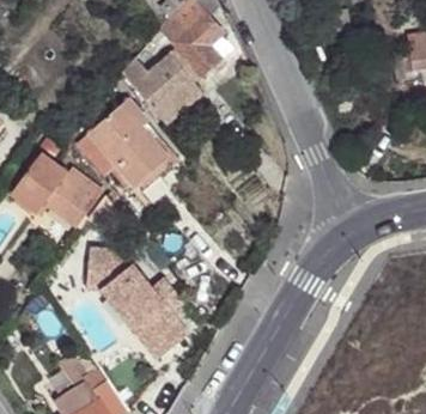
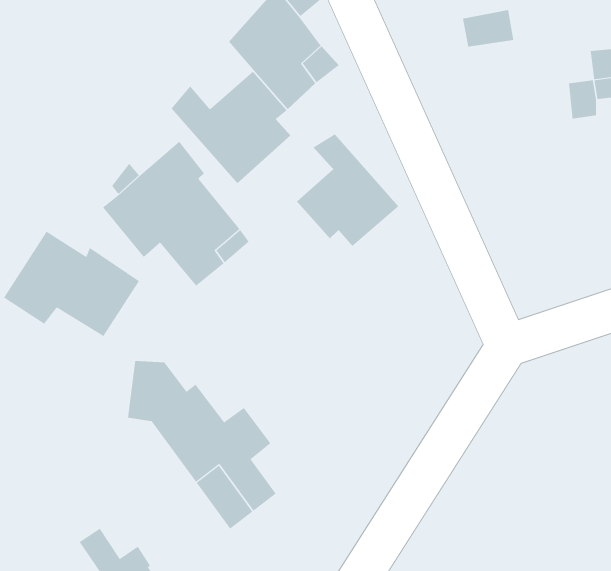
building: none -> [296,133,399,247]

